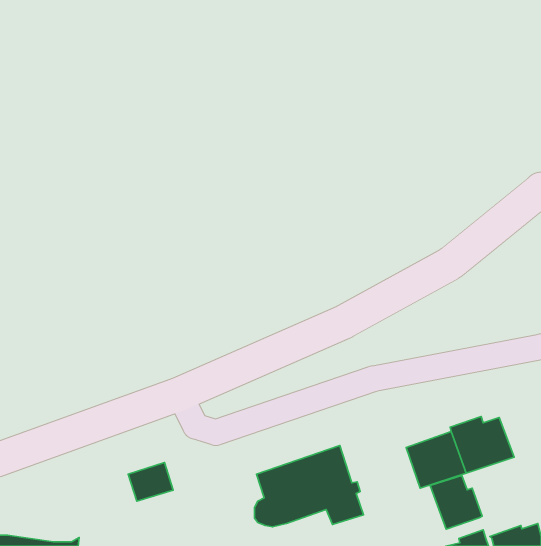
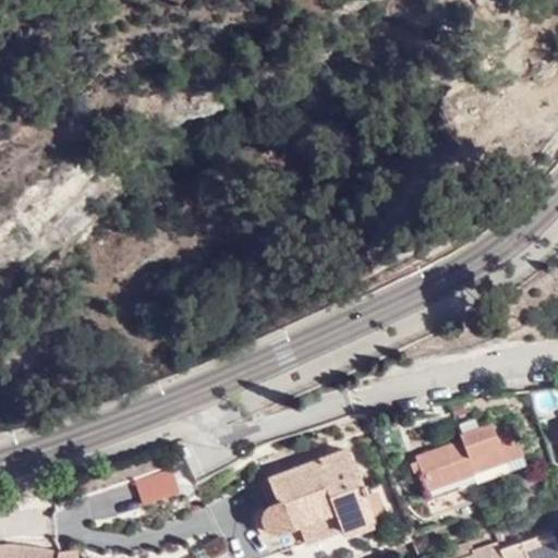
building: [430,476,482,529] -> none

